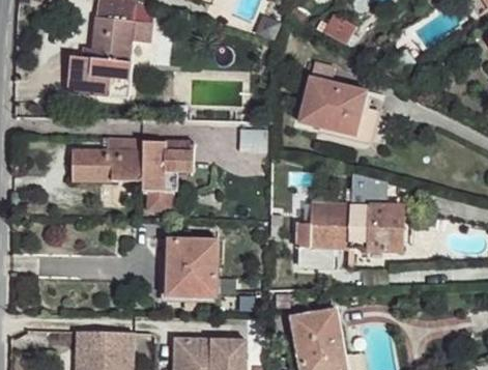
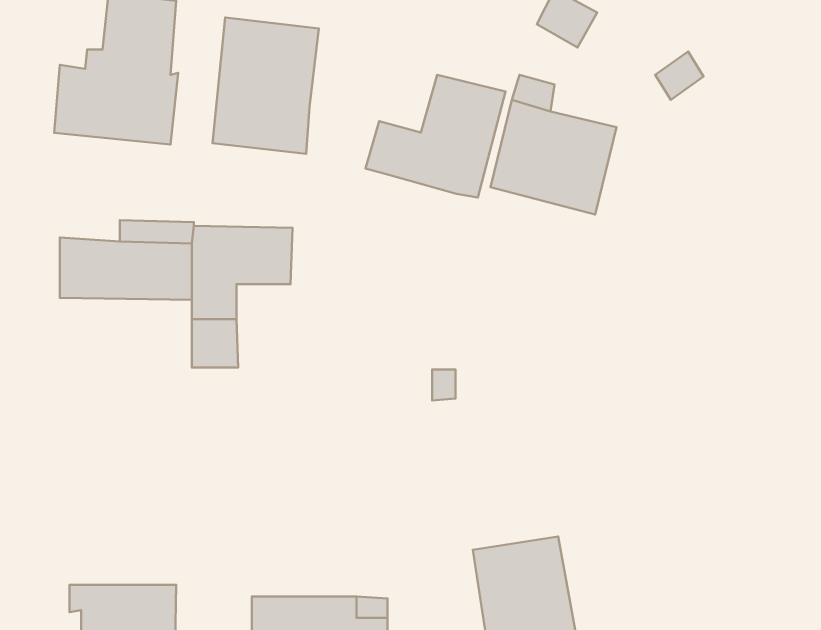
building: none -> [213,18,319,154]
building: none -> [366,75,505,198]
building: [294,186,402,268] -> none
building: [169,236,219,293] -> none

